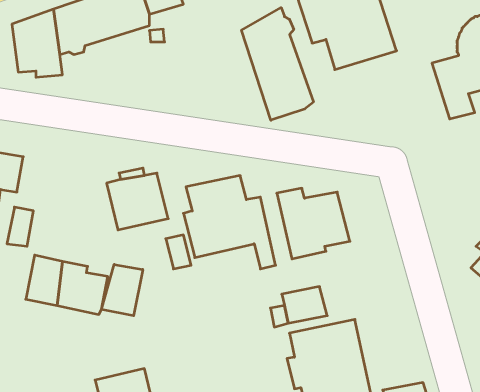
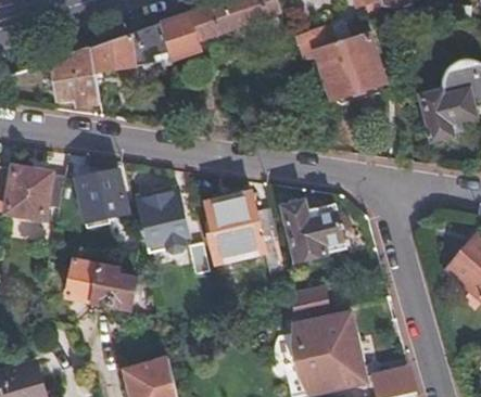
building: [242,8,313,120] -> none
building: none -> [75,167,128,220]
building: [101,264,143,316] -> none

